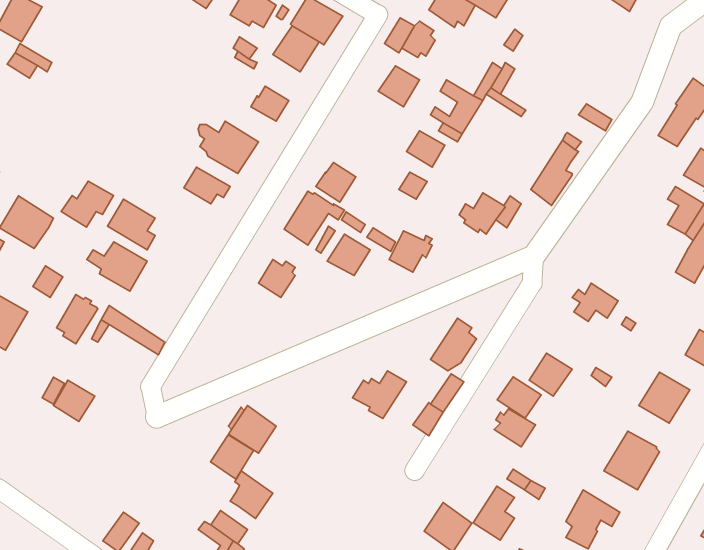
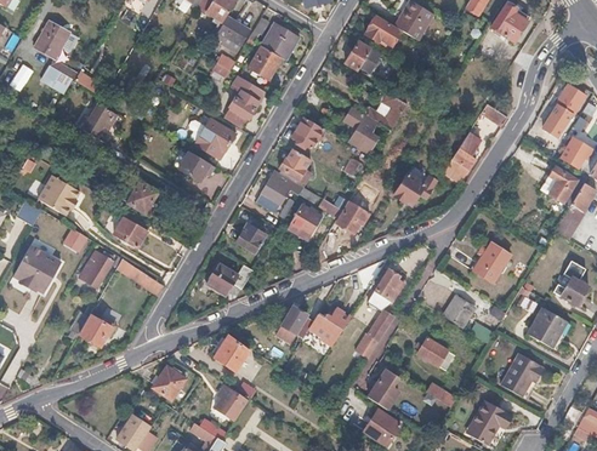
building: [378,66,420,107] -> [292,116,324,148]
building: [61,181,114,227] -> [78,103,118,138]
building: none -> [206,262,254,292]
building: none -> [275,306,307,344]
building: [497,377,541,418] -> none
building: [211,435,253,479] -> [152,365,184,399]
building: [473,486,514,540] -> [366,369,398,410]

